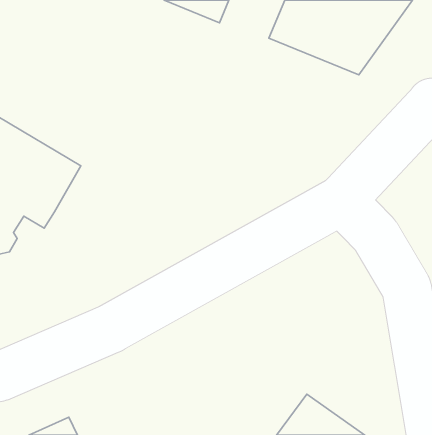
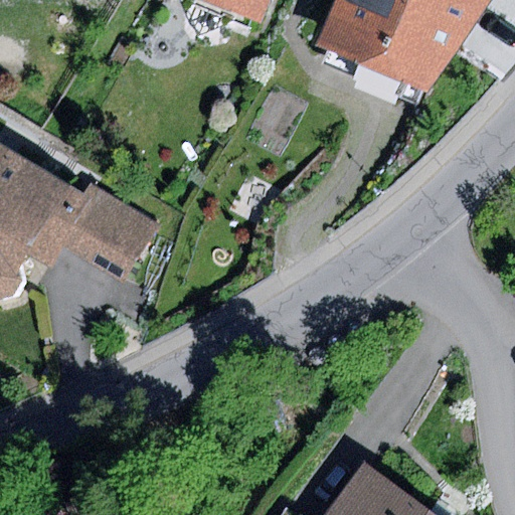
building: none -> [64,191,156,284]

